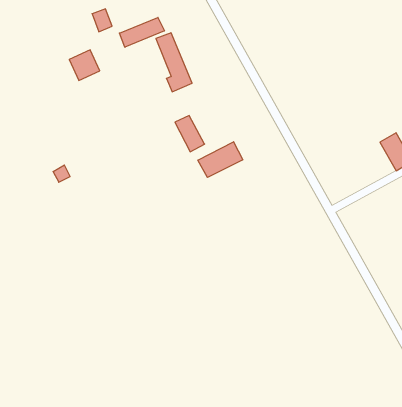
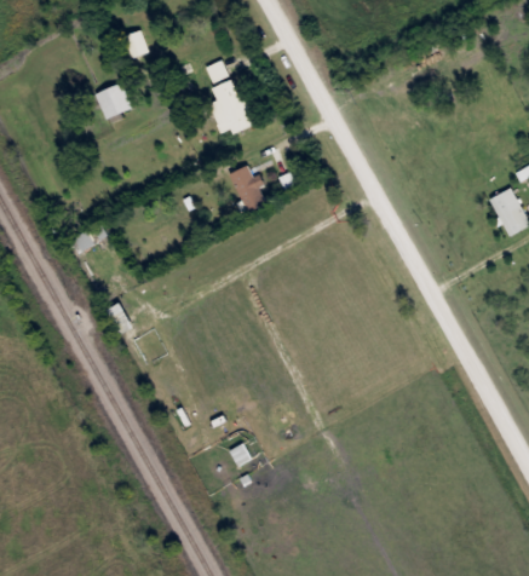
building: [119,17,164,47] -> none
building: [198,142,243,177] -> none

